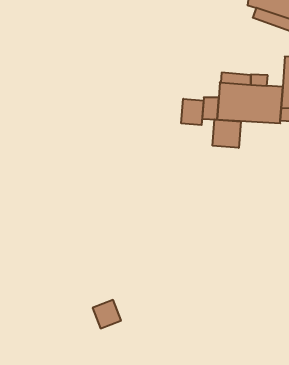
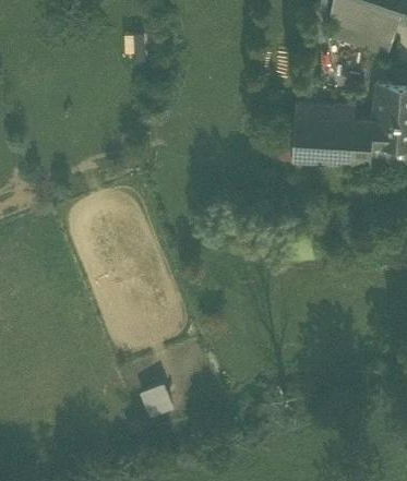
building: [181,99,203,125] -> none
building: [213,119,241,148] -> none

